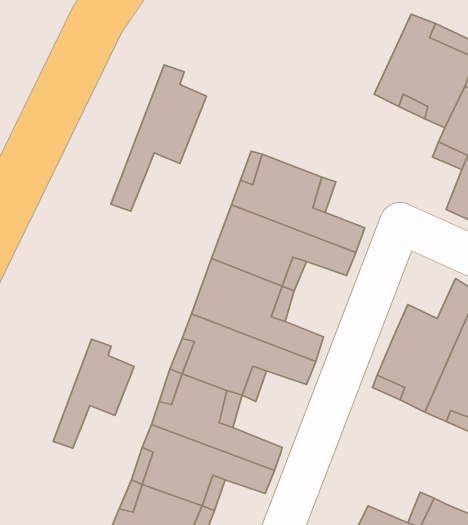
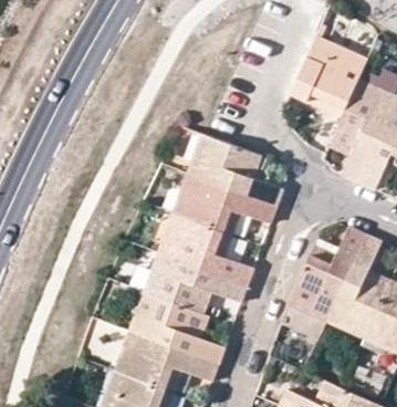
building: [111,65,206,211] -> none
building: [53,339,134,448] -> none

